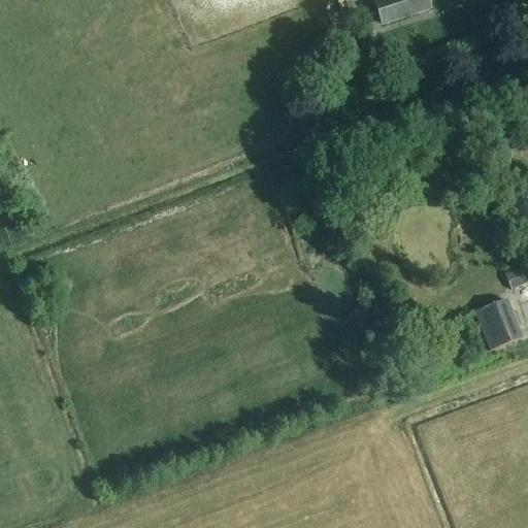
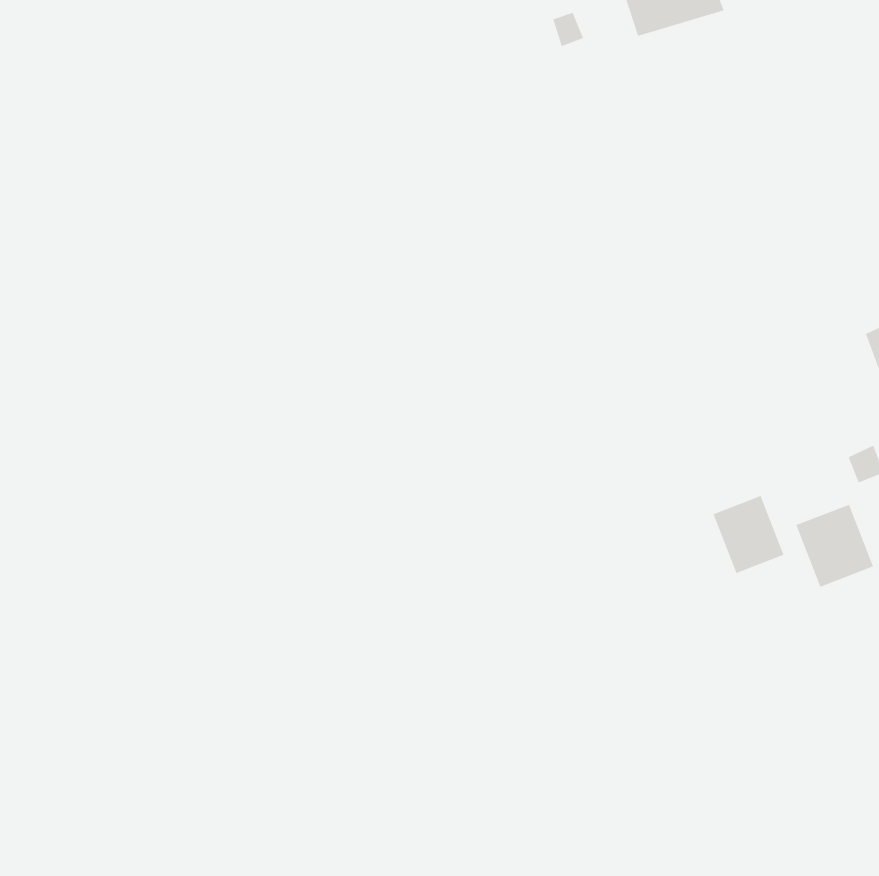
building: none -> [713,495,784,574]

